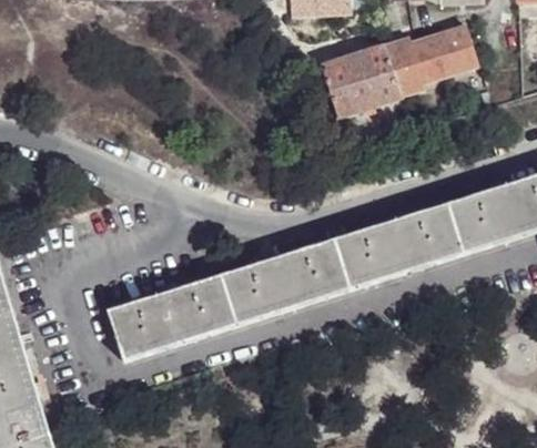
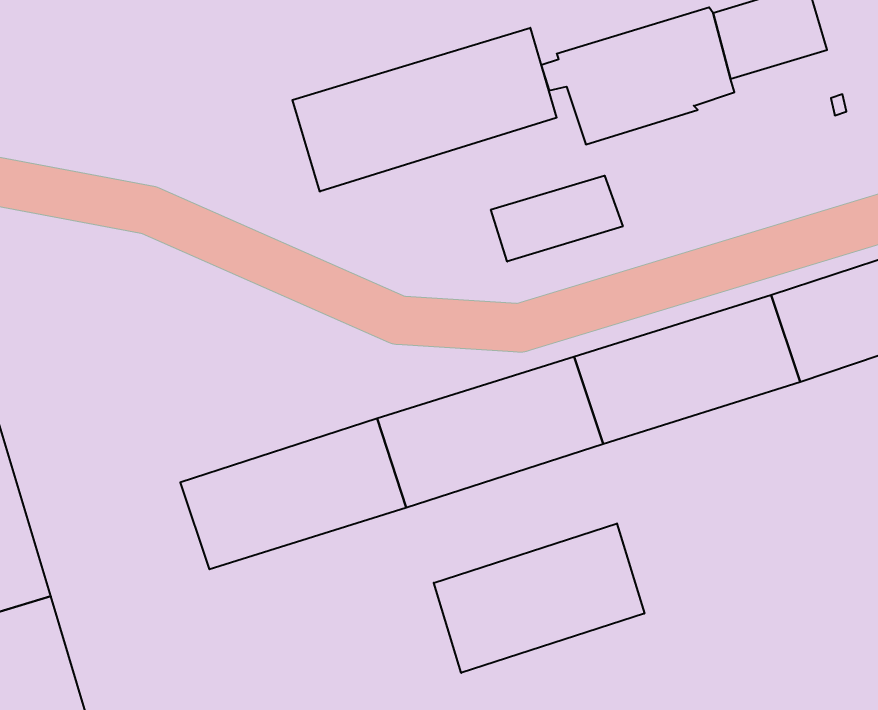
building: none -> [292,28,557,192]
building: none -> [491,176,623,262]
building: none -> [434,523,644,673]

